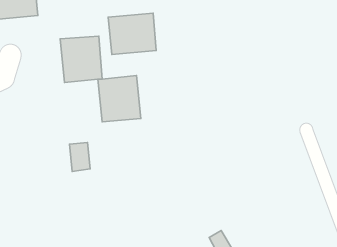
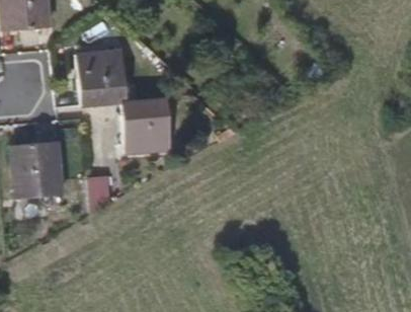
building: [108,13,156,54] -> none
building: none -> [12,141,61,200]

